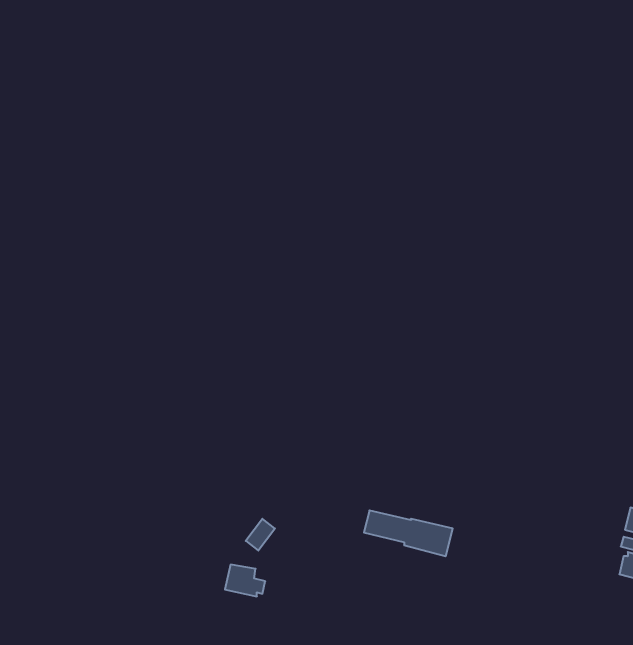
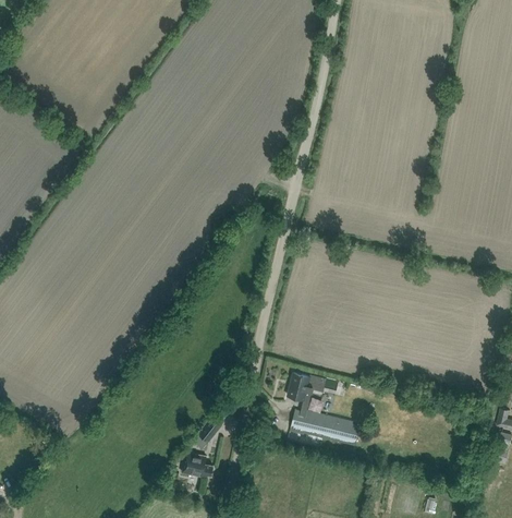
building: none -> [288,374,326,400]

